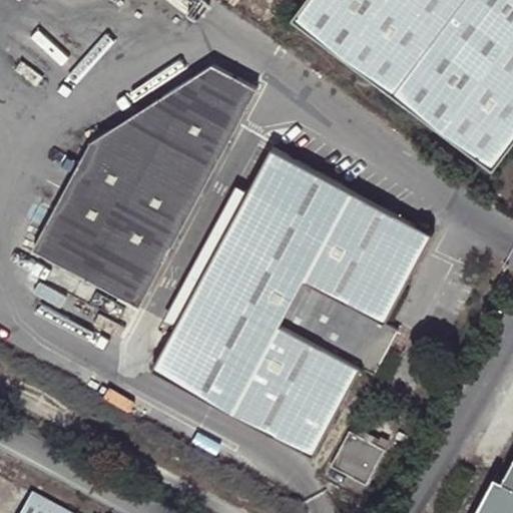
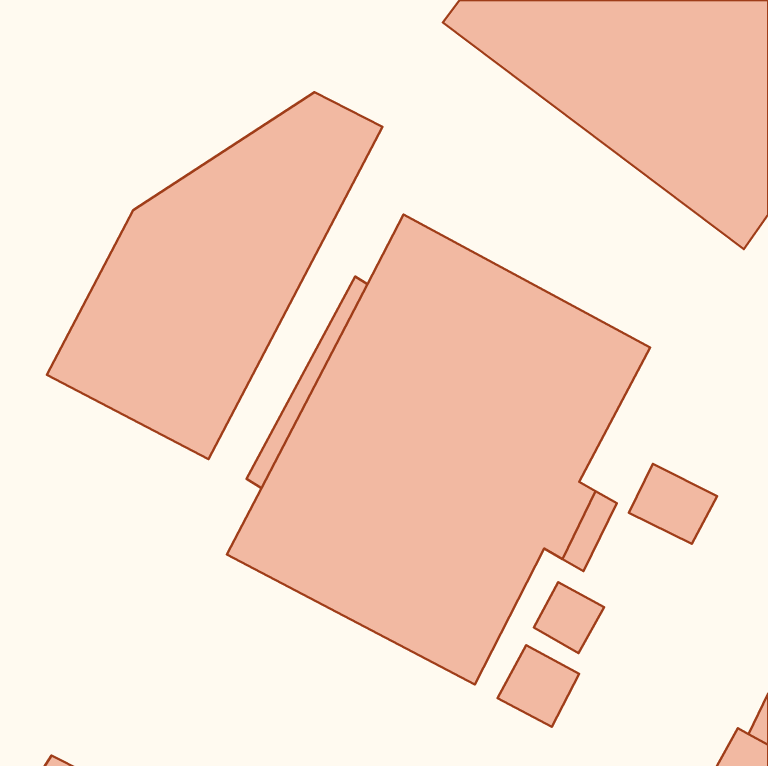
building: none -> [629,464,717,544]
building: none -> [534,582,604,653]

